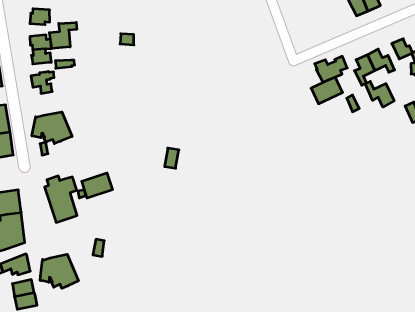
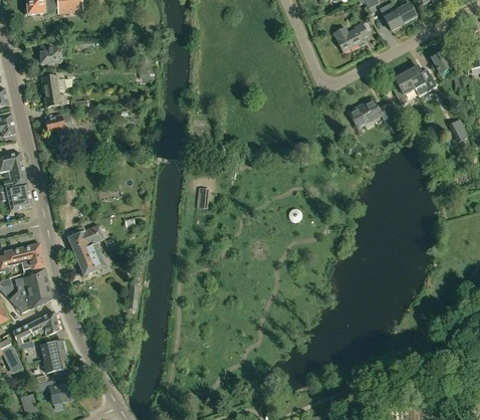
building: [49,22,77,49] -> none
building: [315,56,347,82] -> [333,22,369,51]
building: [365,81,394,107] -> none
building: [32,112,72,144] -> none
building: [82,173,112,198] -> none
building: [40,254,78,288] -> none

